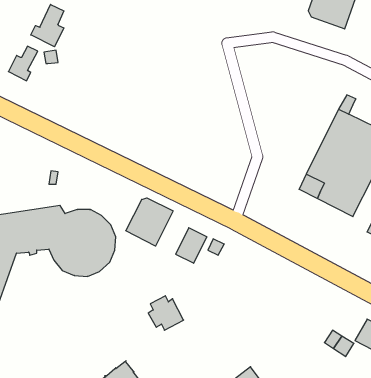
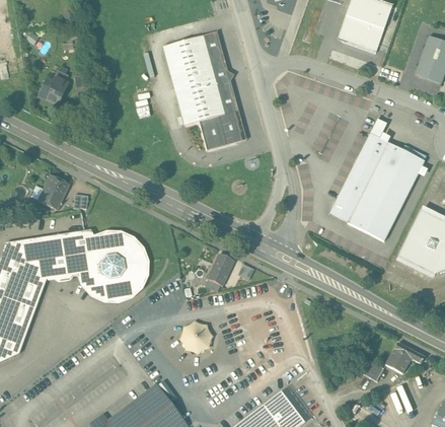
building: [31,4,64,47] -> none
building: none -> [163,29,247,149]
building: none -> [38,174,69,210]
building: [126,198,173,246] -> none

